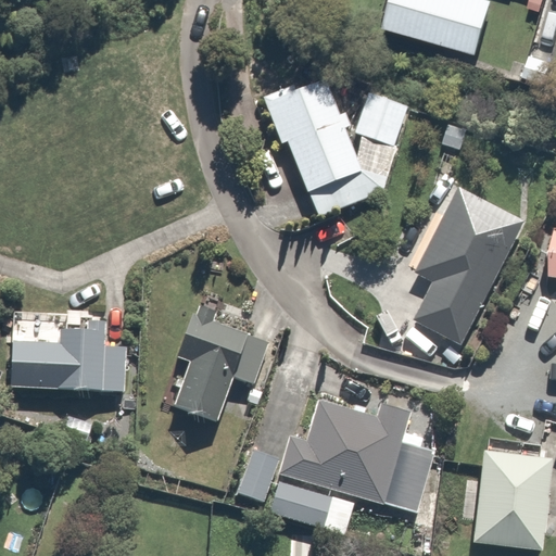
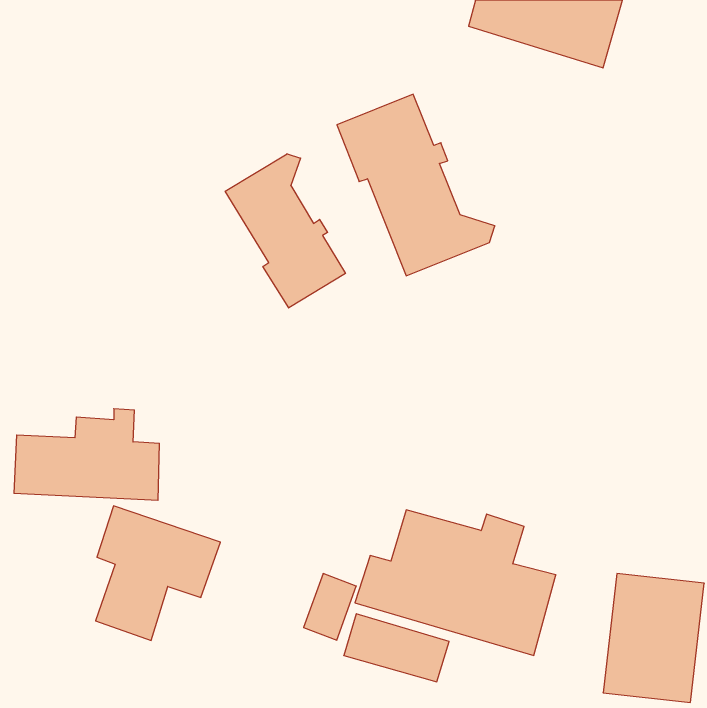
building: [354,92,407,146] -> none
building: none -> [225,154,345,308]
building: [413,186,523,348] -> none
building: [169,314,267,419] -> [96,506,220,640]

